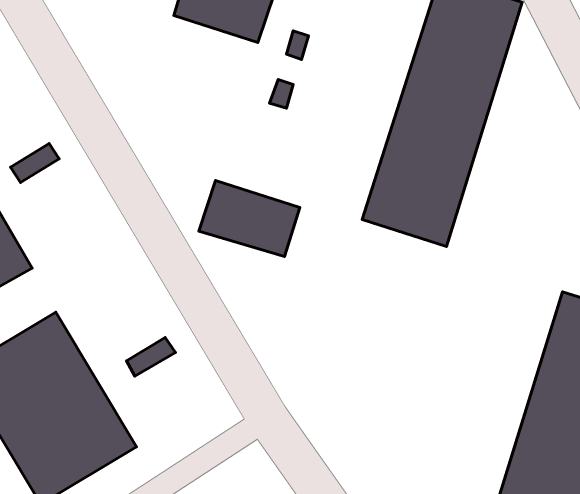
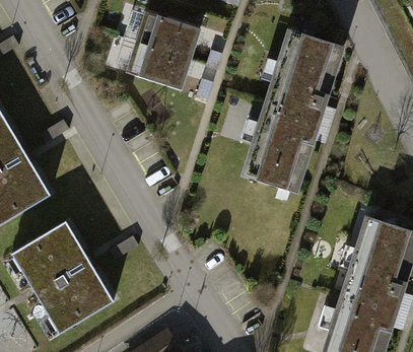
building: [199,181,300,256] -> [128,43,189,88]

